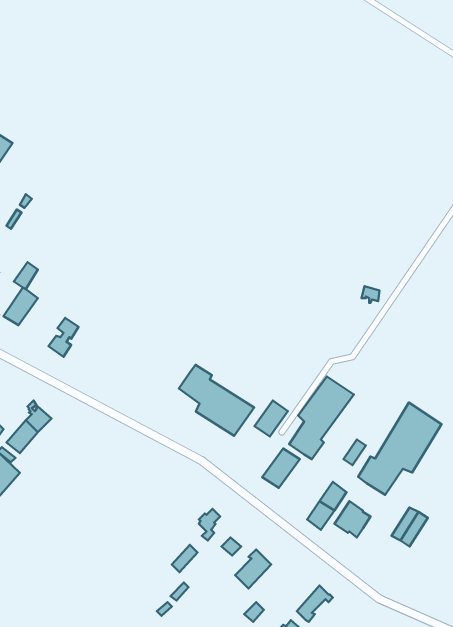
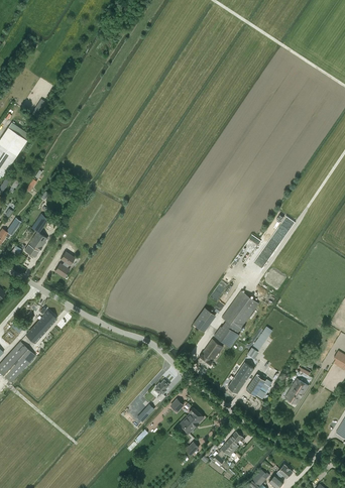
building: [179,365,254,436] -> none
building: [358,402,442,495] -> none

